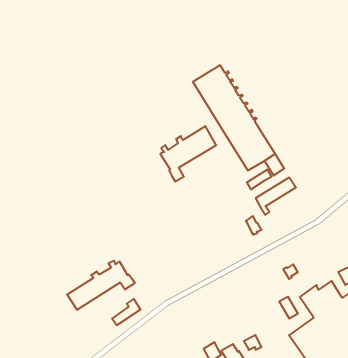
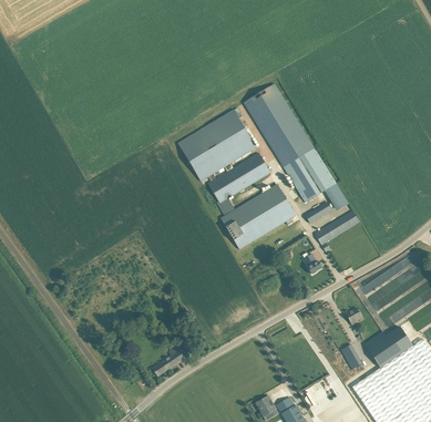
building: none -> [177,111,256,183]
building: none -> [220,184,296,250]
building: [67,261,135,310] -> none

